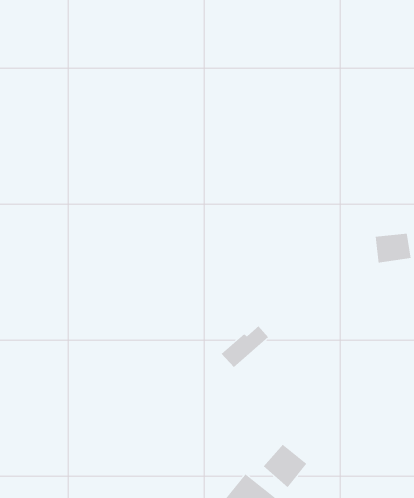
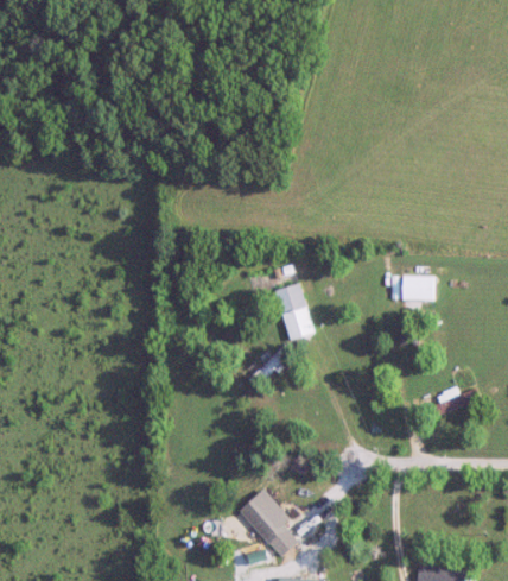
building: none -> [275,284,315,341]
building: [263,444,307,488] -> none

